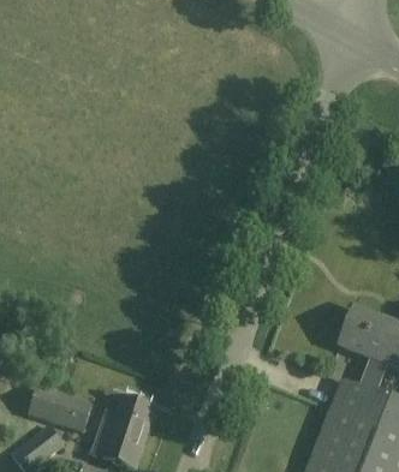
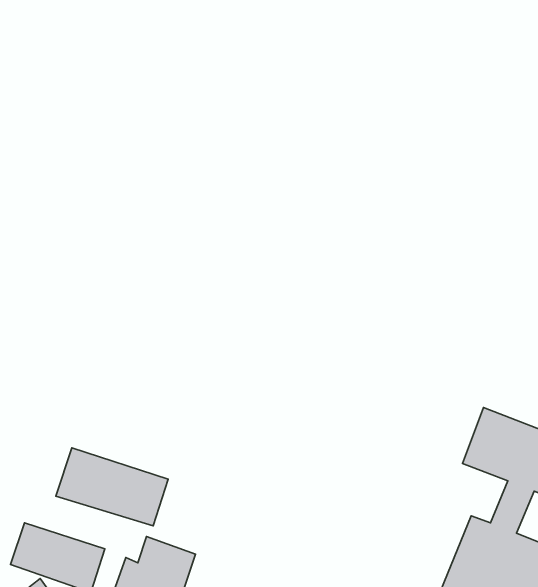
building: none -> [56,448,168,526]

